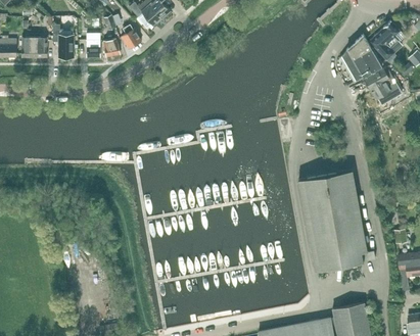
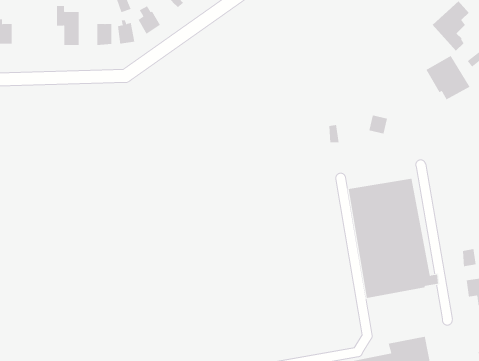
building: [21,28,46,58] -> none
building: [341,34,382,81] -> none

